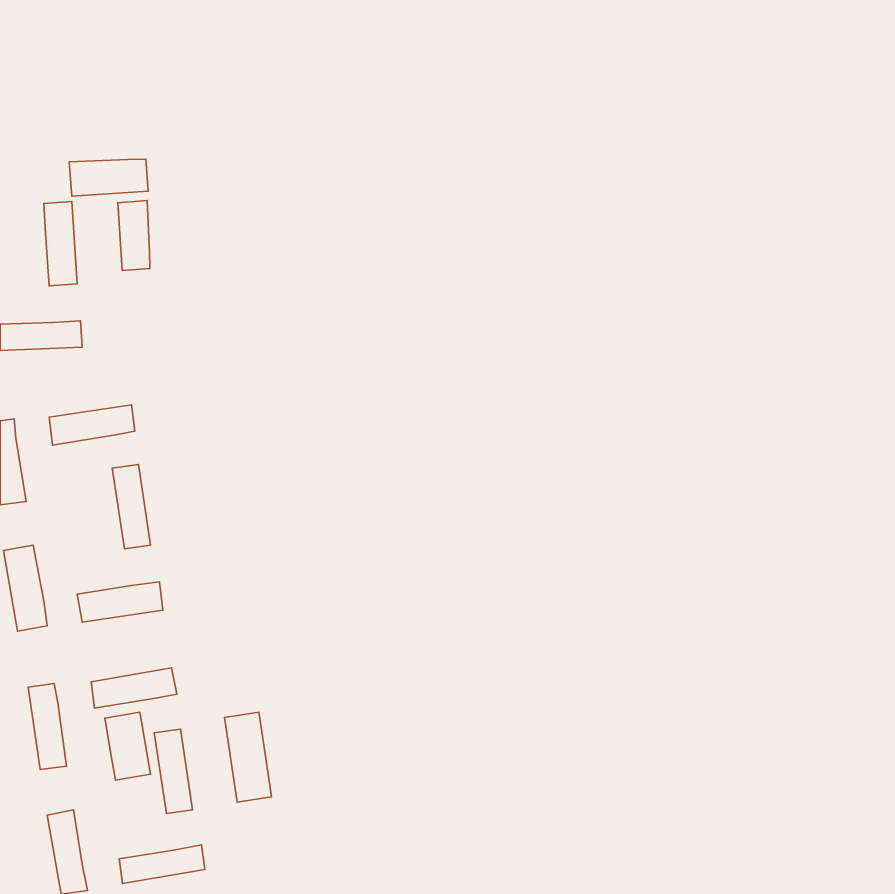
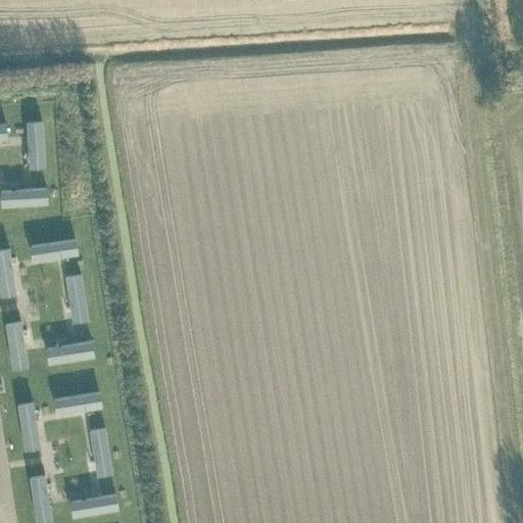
building: [69,159,148,196] -> none
building: [118,200,150,271] -> none
building: [105,712,151,780] -> none
building: [224,712,272,802] -> none

